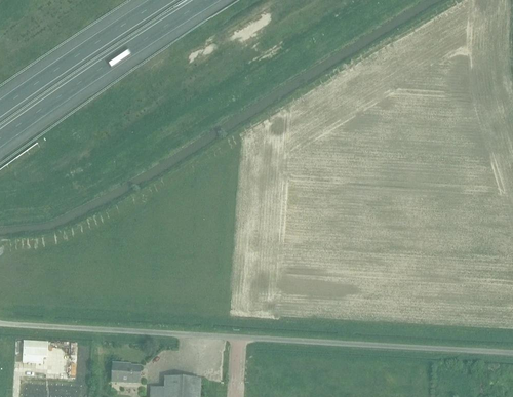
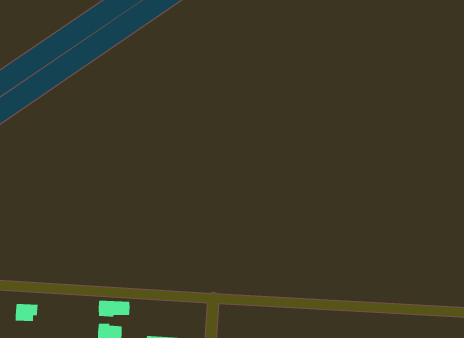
building: none -> [98,300,131,318]

